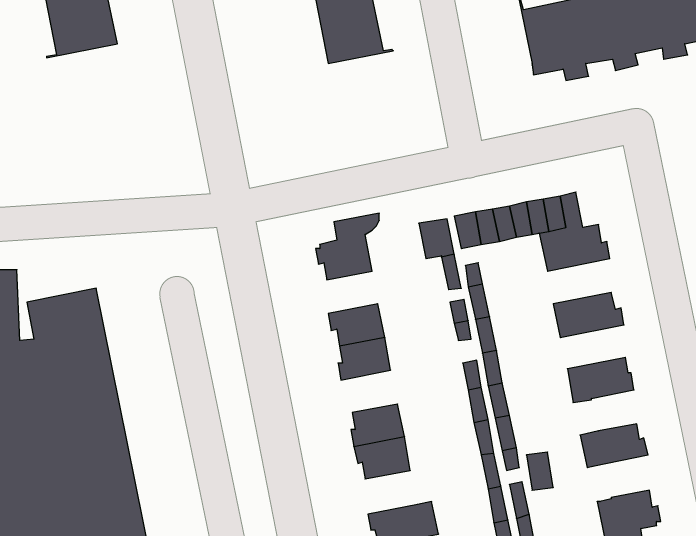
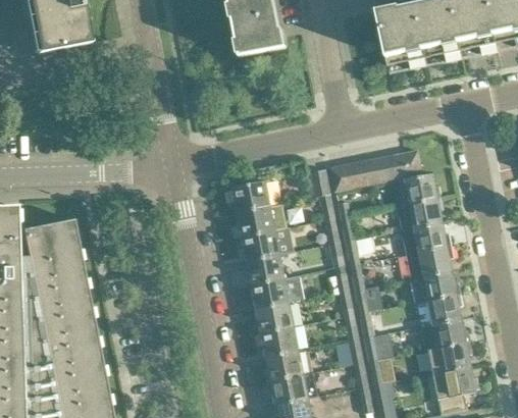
building: none -> [397,197,445,229]
building: none -> [236,206,274,237]
building: none -> [406,245,454,276]
building: none -> [248,274,303,308]
building: none -> [428,292,462,321]
building: none -> [429,338,471,372]
building: none -> [264,350,303,381]

